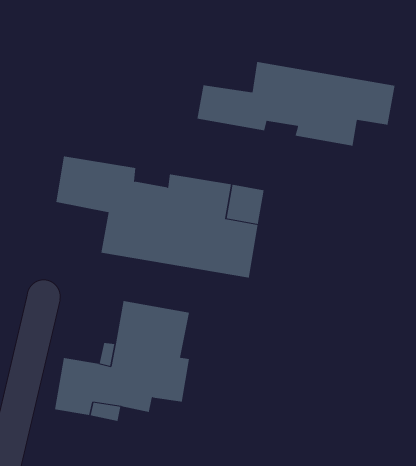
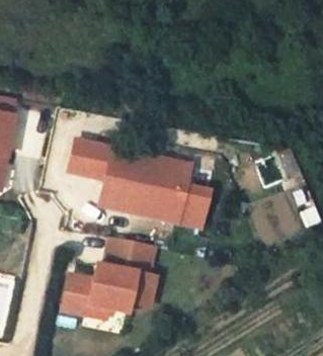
building: [197,61,395,146] -> none

